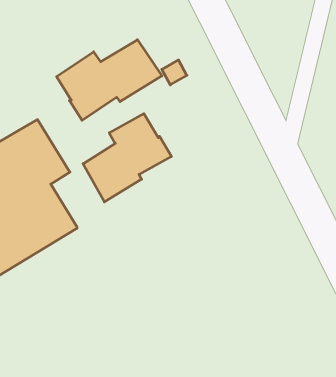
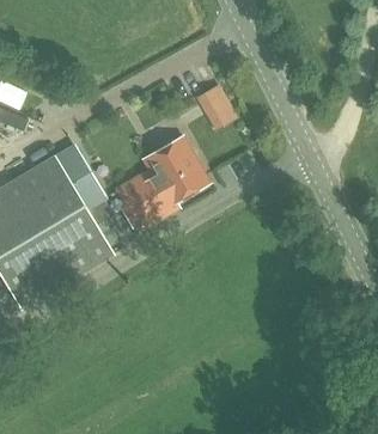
building: [57,40,162,120] -> none

